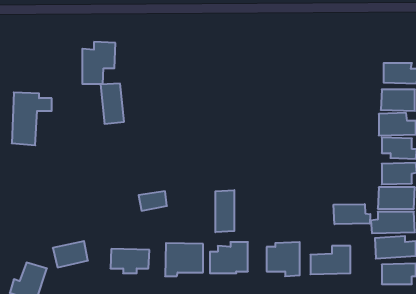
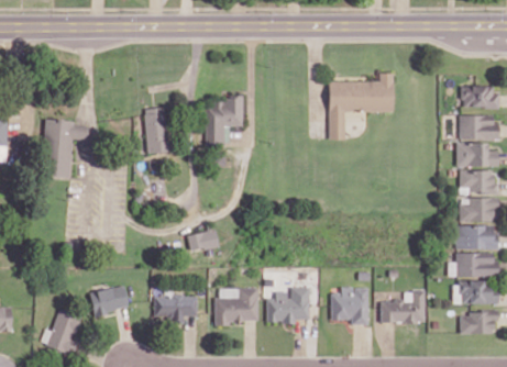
building: [82,42,115,84] -> [206,97,243,144]
building: none -> [328,73,393,140]
building: [215,190,234,232] -> none
building: [334,204,370,224] -> none

